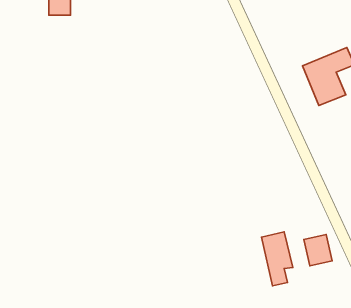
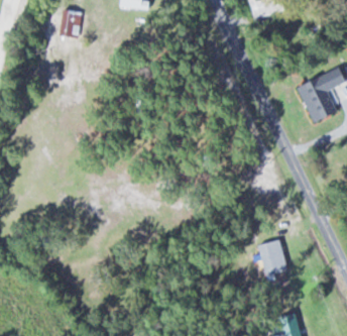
building: [304,235,332,266] -> none

